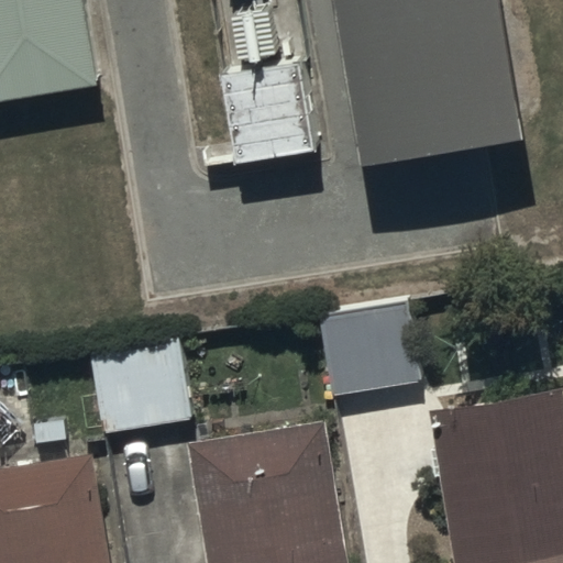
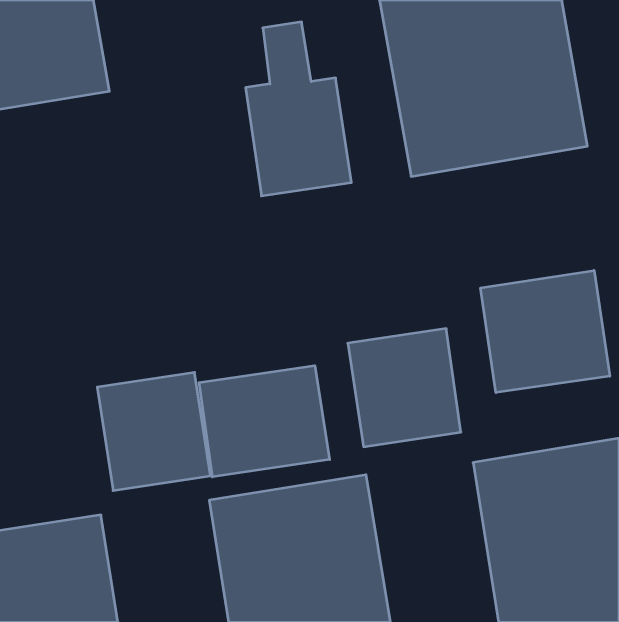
building: none -> [481,270,610,393]
building: none -> [199,366,330,477]

